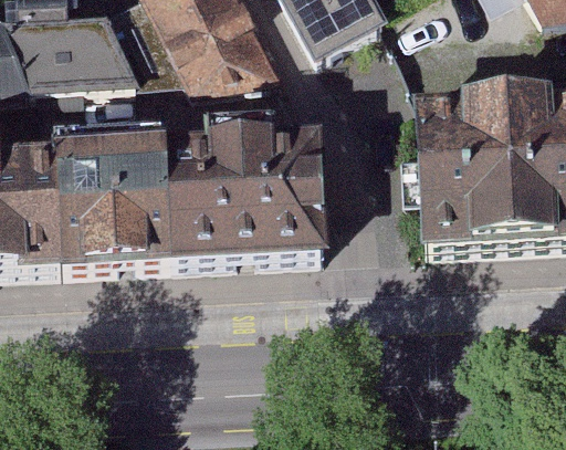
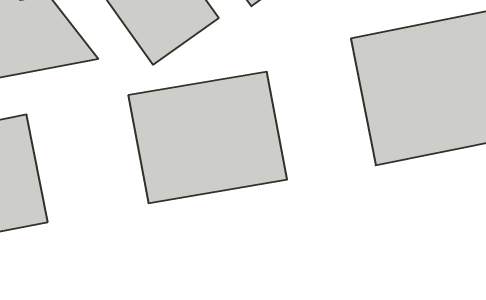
building: [61,144,177,266] -> none

